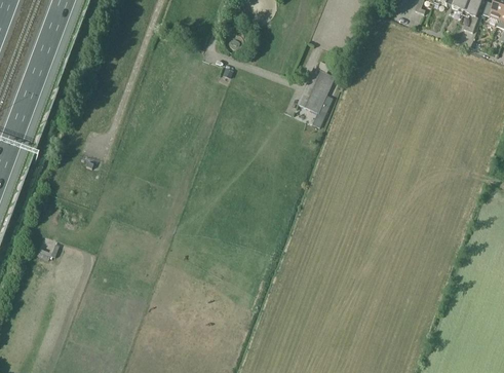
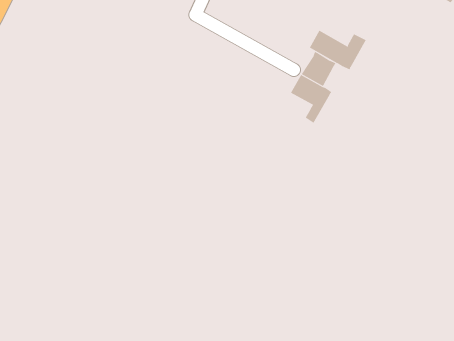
building: none -> [309,30,366,70]

